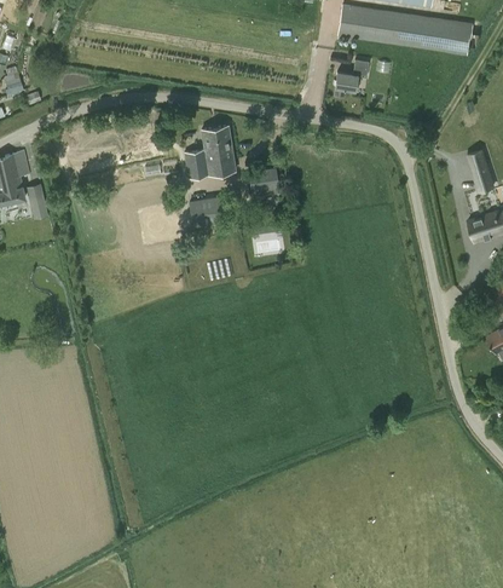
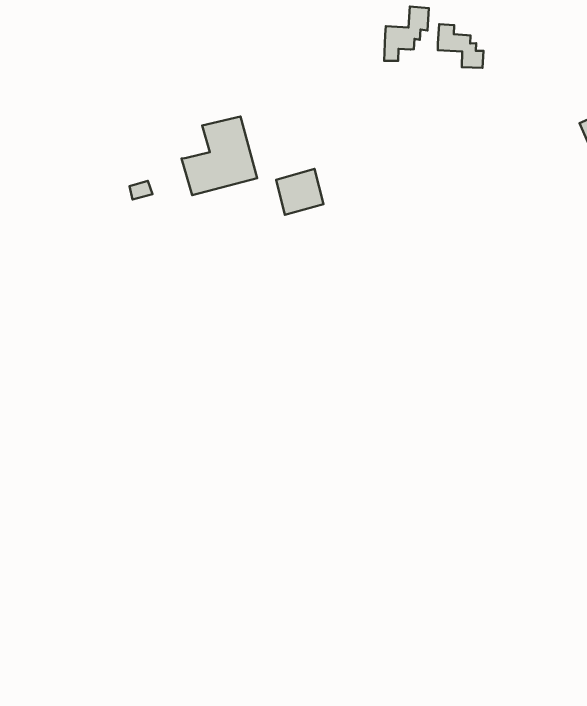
building: none -> [438,24,483,68]
building: [190,198,226,225] -> none

